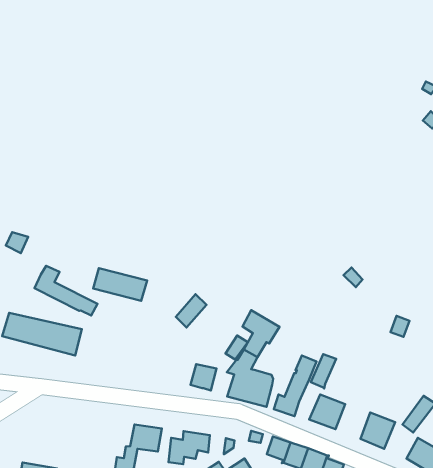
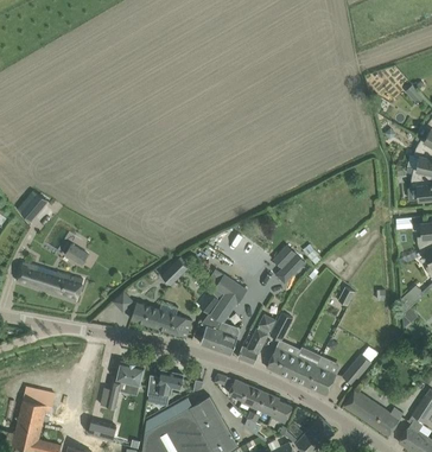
building: [93,268,147,301] -> [131,303,176,332]
building: none -> [275,244,306,282]
building: none -> [287,357,317,387]

